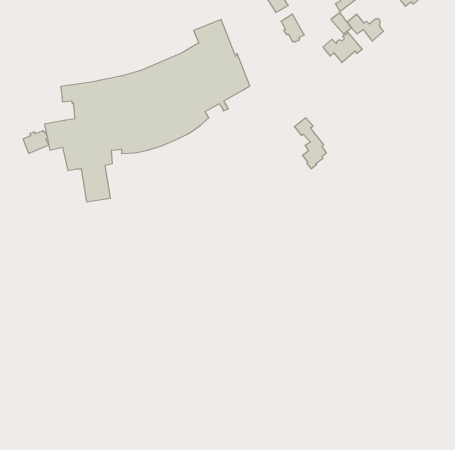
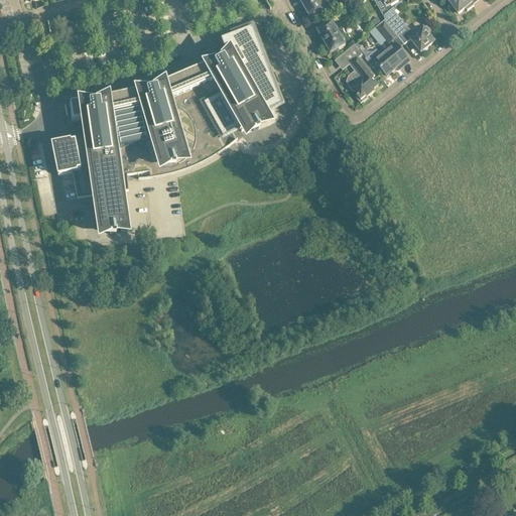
building: [294,118,326,169] -> [341,39,377,97]
building: [23,130,49,154] -> none

